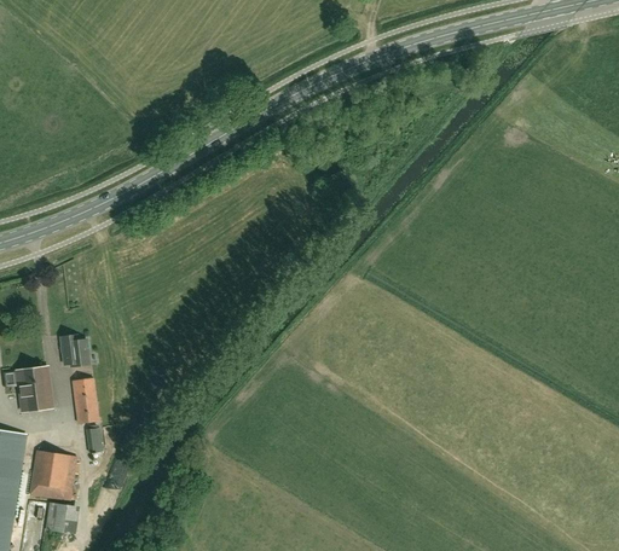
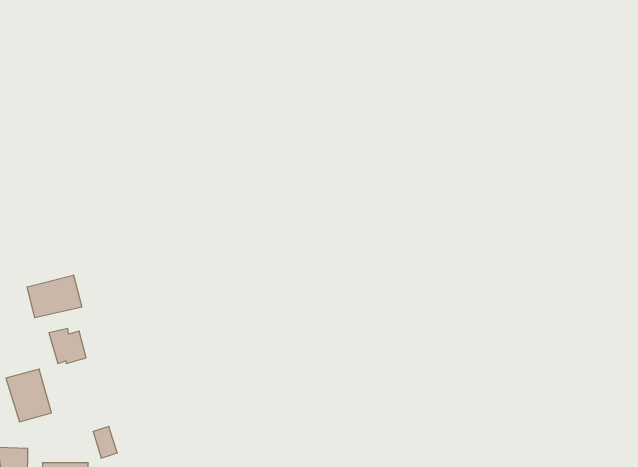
building: none -> [27,275,82,318]
building: [74,378,99,423] -> none

